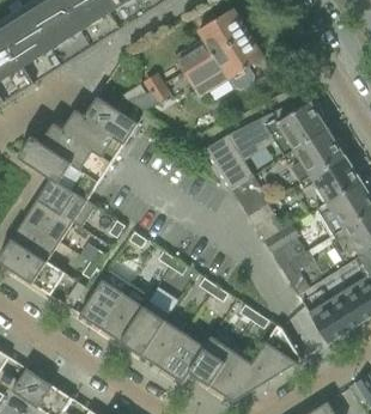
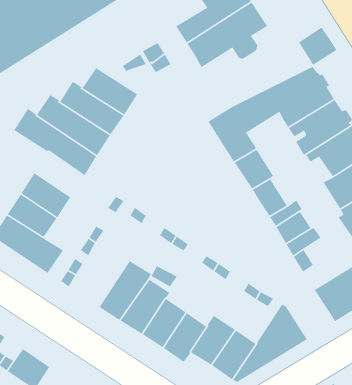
building: none -> [298,26,337,66]
building: [37,178,96,229] -> none
building: [79,269,129,329] -> none

